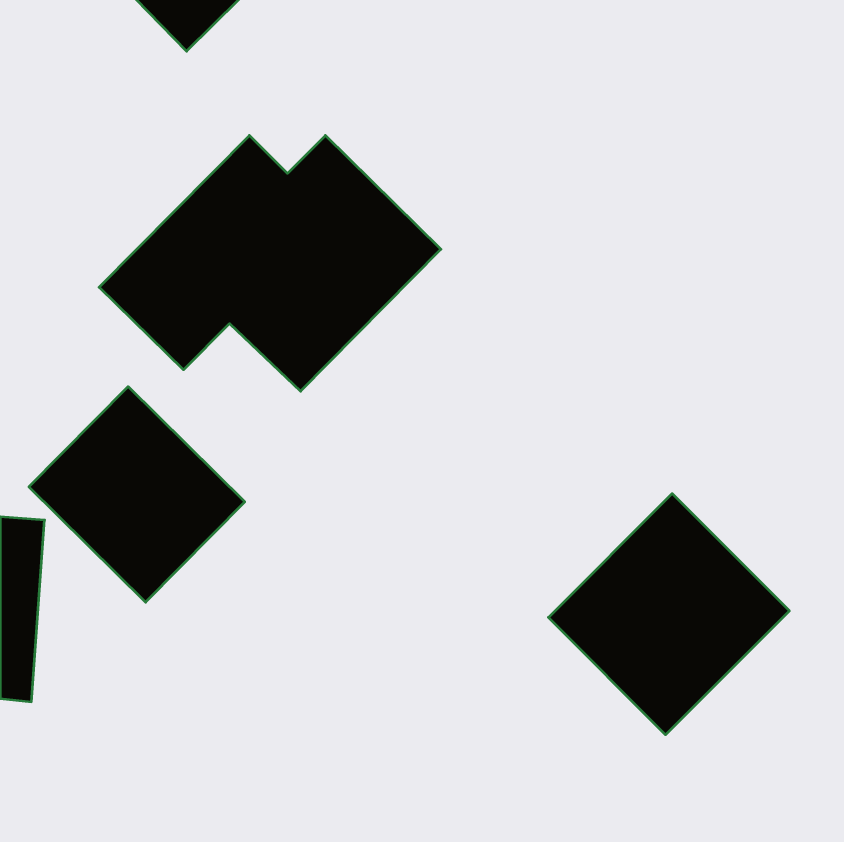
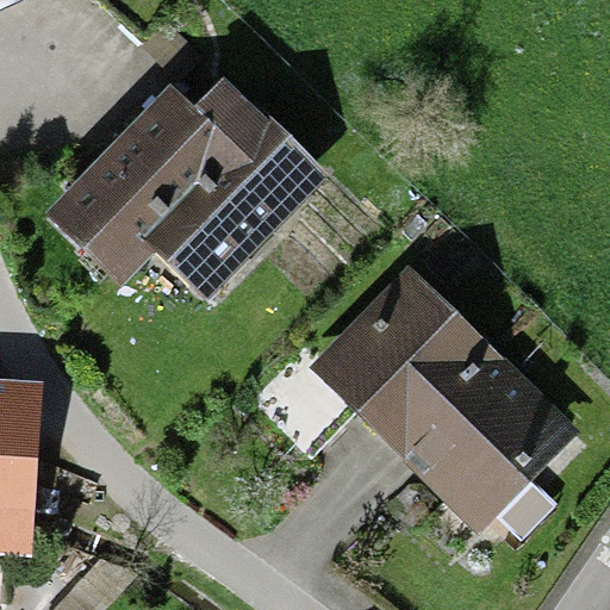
building: none -> [311,272,485,446]
building: [29,387,245,602] -> none

